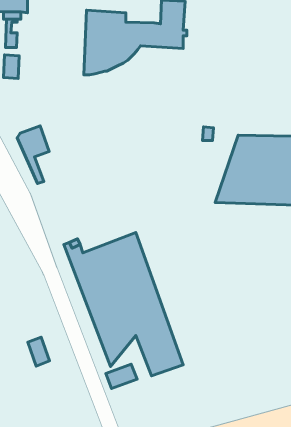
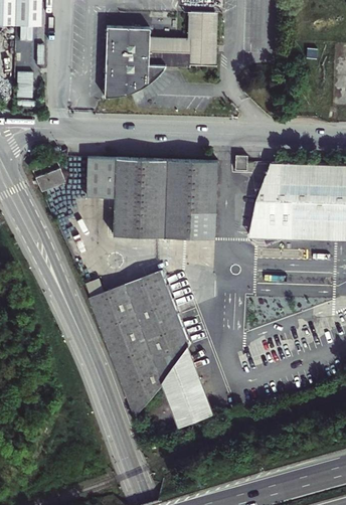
building: none -> [89,155,218,236]
building: [28,337,50,366] -> none
building: [106,364,137,389] -> none

